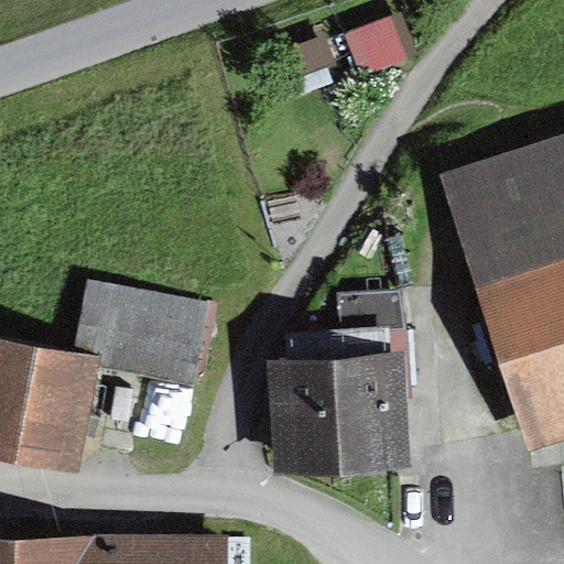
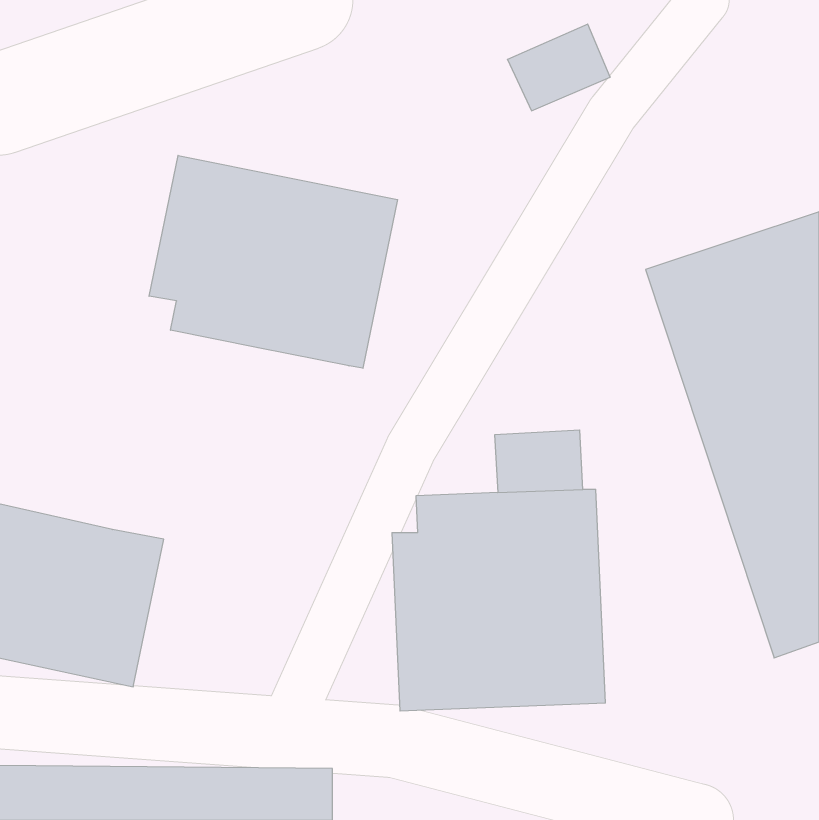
building: none -> [149,155,398,368]
building: [77,283,212,388] -> none

